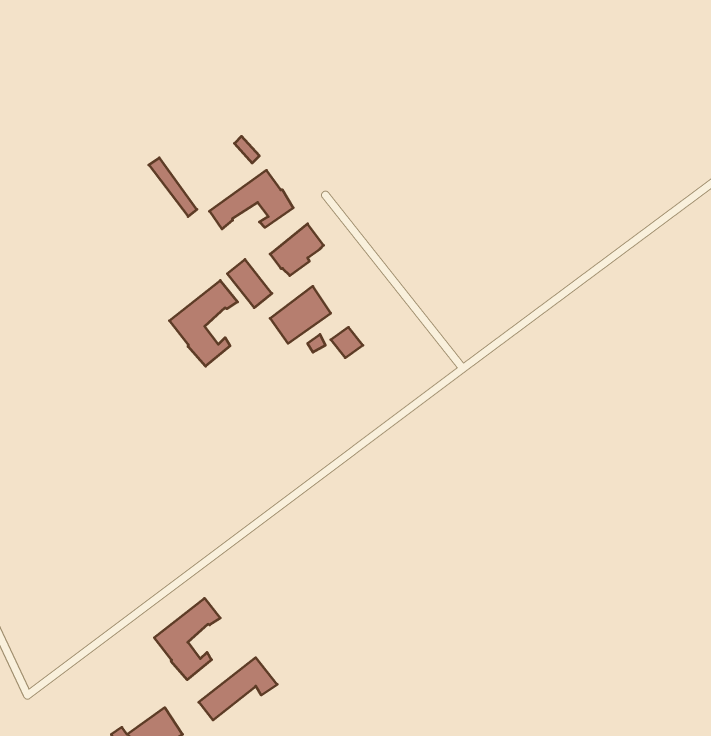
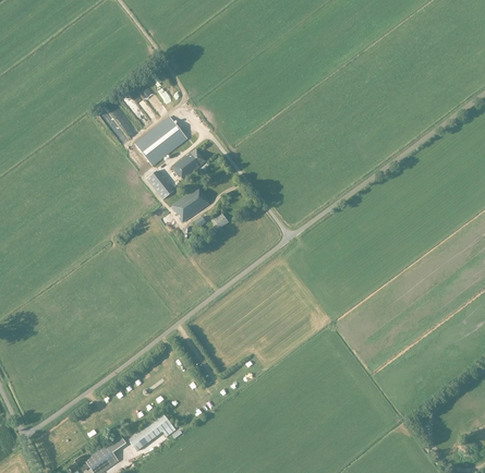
building: [169,280,238,366] -> none
building: [154,598,220,680] -> none

